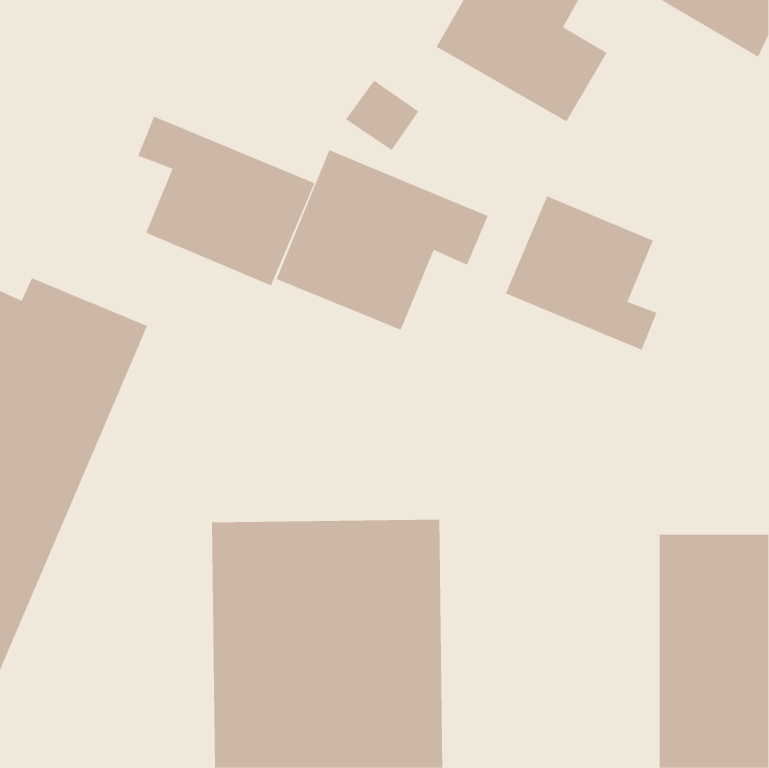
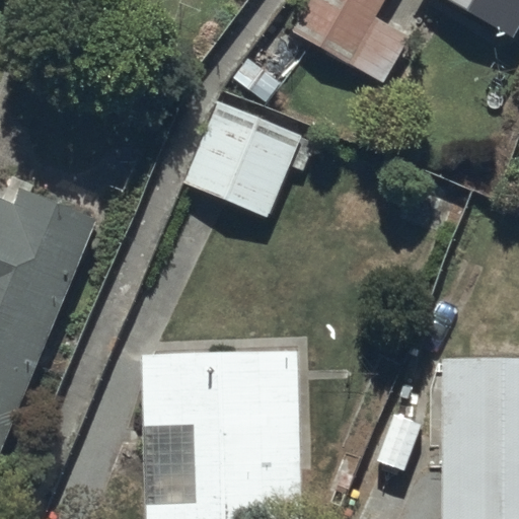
building: [138,116,315,286] -> none
building: [505,196,657,351] -> none

